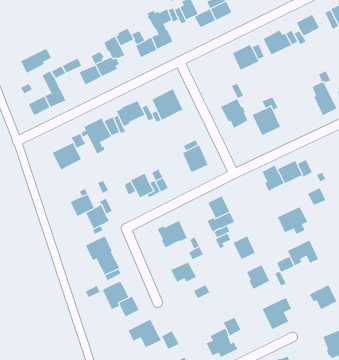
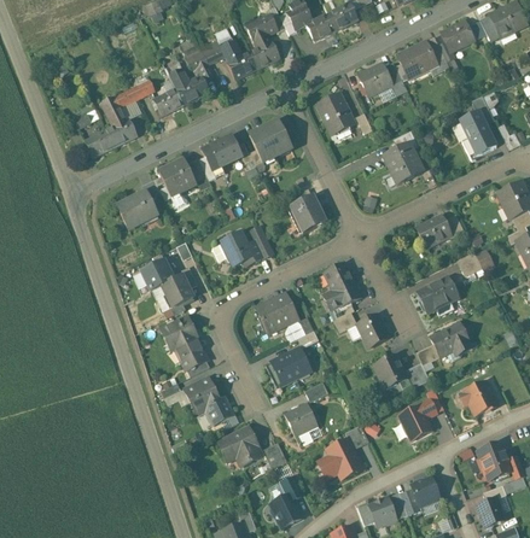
building: [21,48,52,73] -> none
building: [220,99,248,129] -> [316,93,354,133]
building: [262,165,284,192] -> none
building: none -> [284,400,318,434]

